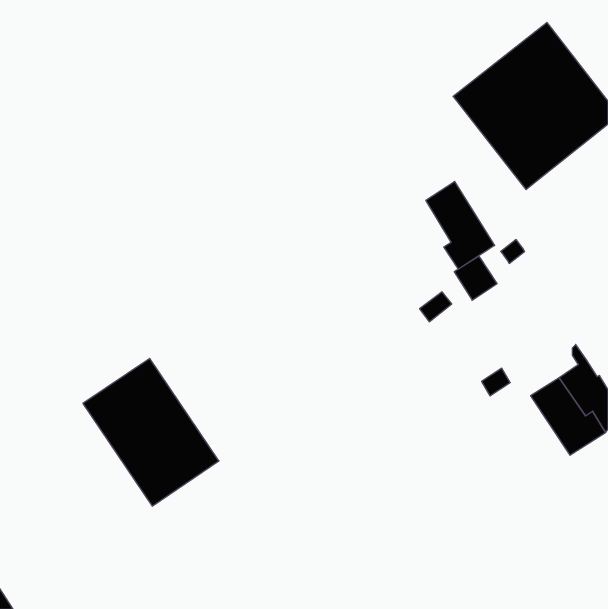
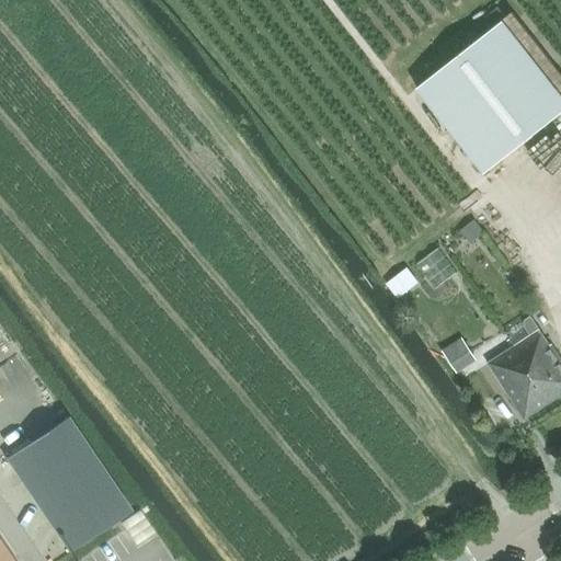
building: [426,181,495,269] -> none
building: [83,358,219,506] -> [5,416,130,552]

